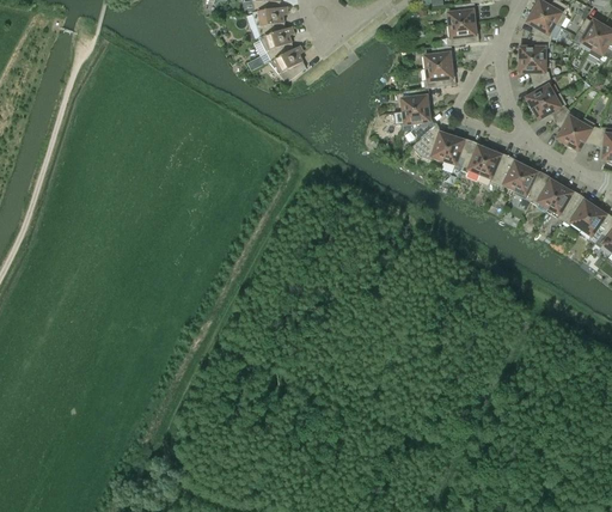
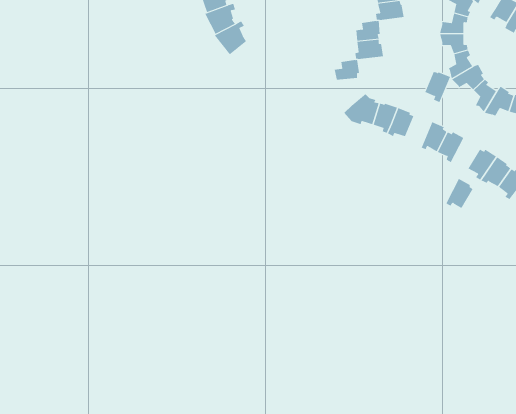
building: [399,108,435,138] -> none
building: [479,150,508,184] -> [425,71,451,103]
building: [530,173,561,207] -> [445,178,474,209]

